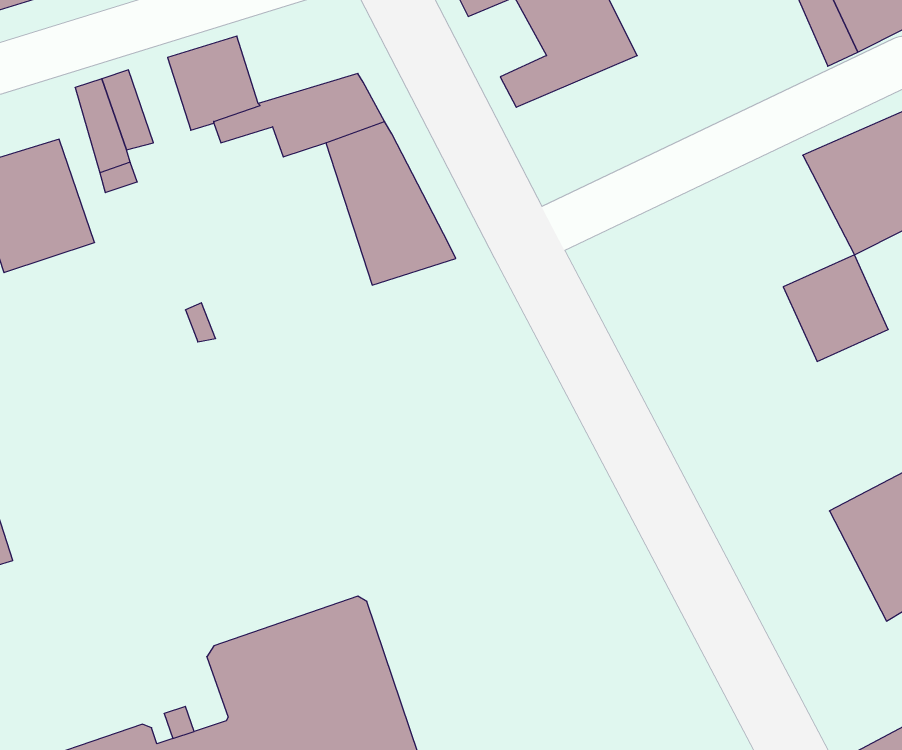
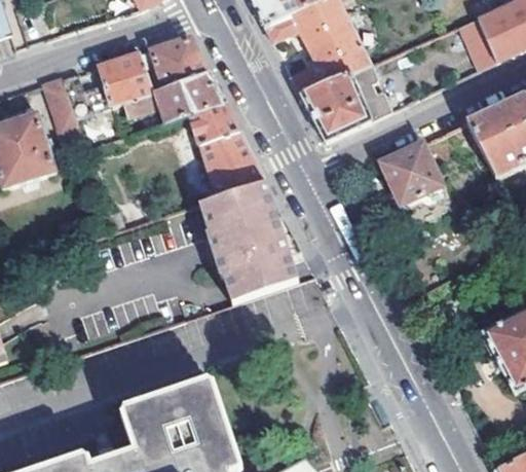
building: none -> [138,36,208,92]
building: none -> [299,64,391,142]
building: [783,255,888,361] -> [379,142,440,204]
building: none -> [204,181,296,299]

